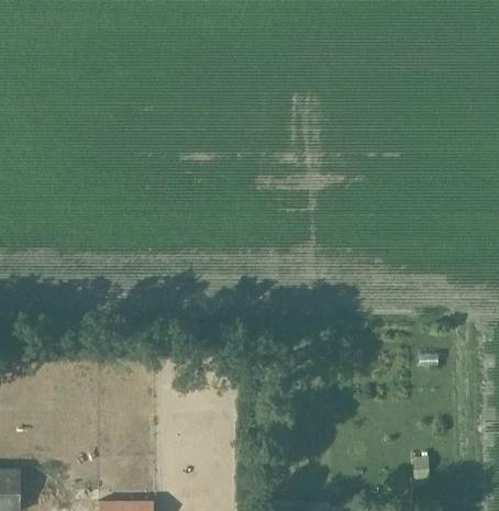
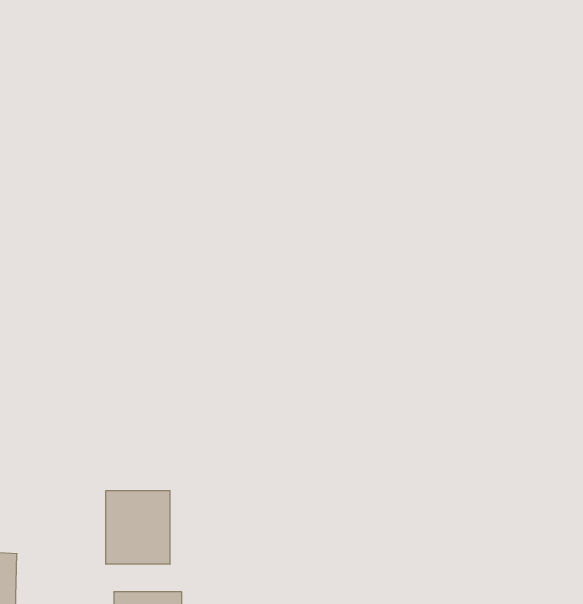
building: none -> [106,491,170,564]

